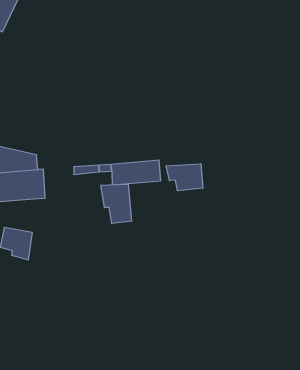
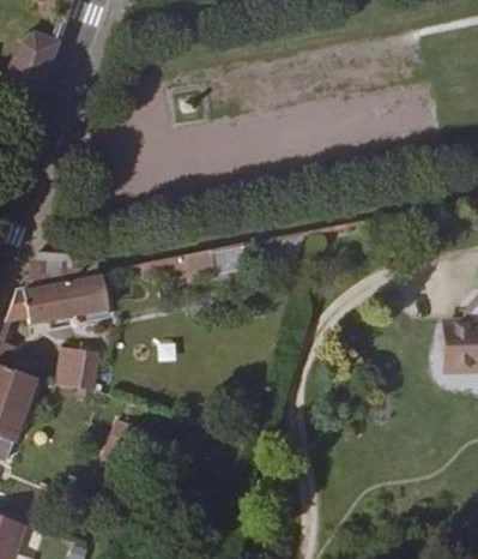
building: [166,164,203,191] -> none
building: [101,184,131,224] -> none

